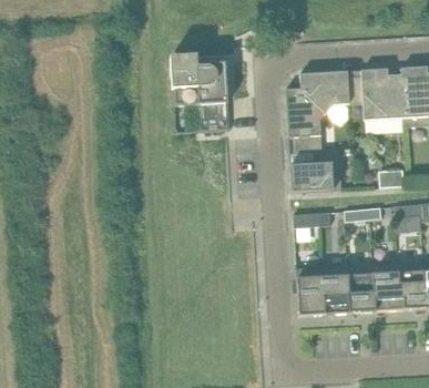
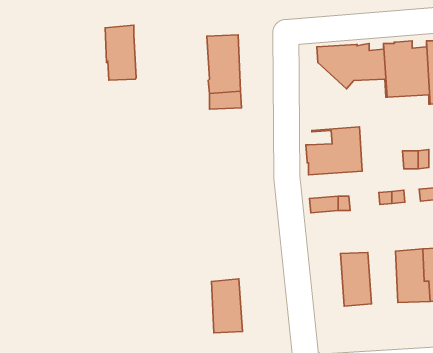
building: [172,54,201,105] -> [105,25,136,80]
building: [286,88,340,151] -> none
building: [348,263,376,312] -> none
building: [297,265,326,315] -> [211,279,242,333]

